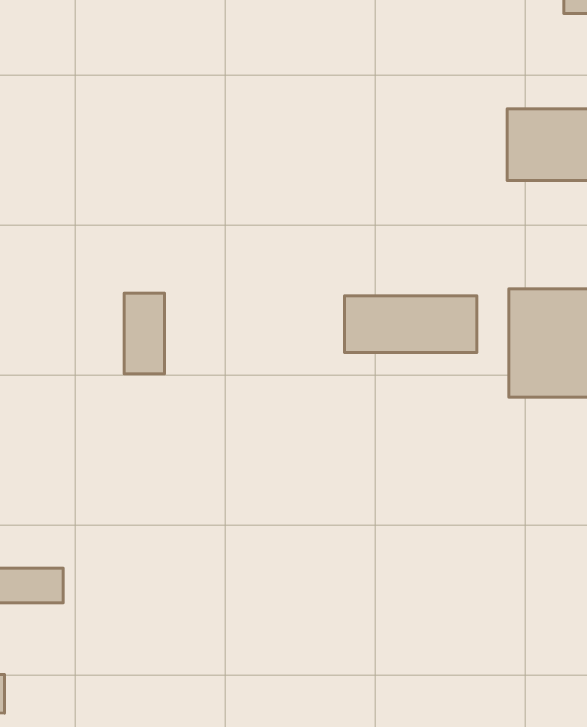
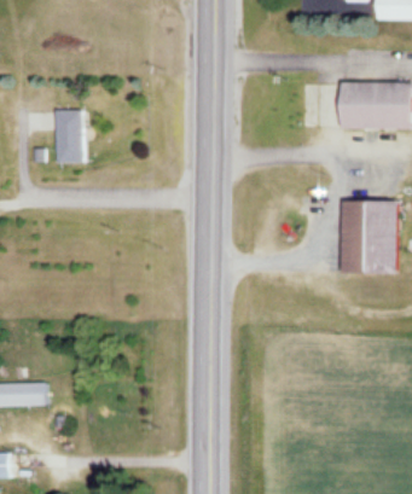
building: [124,293,164,374] -> [56,110,82,163]
building: [344,296,477,352] -> none

